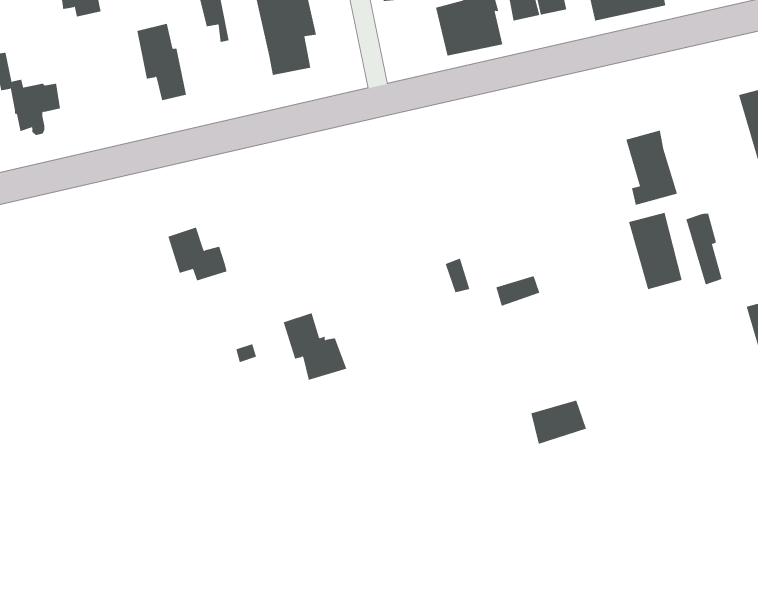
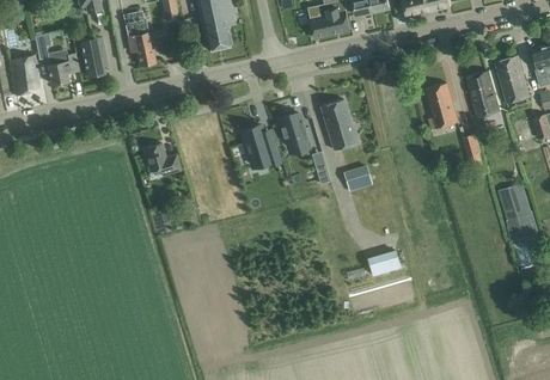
building: none -> [81,37,106,76]
building: none -> [320,98,356,149]
building: none -> [280,112,307,146]
building: [628,212,683,290] -> [466,71,500,118]
building: [283,312,347,380] -> [240,124,280,166]

